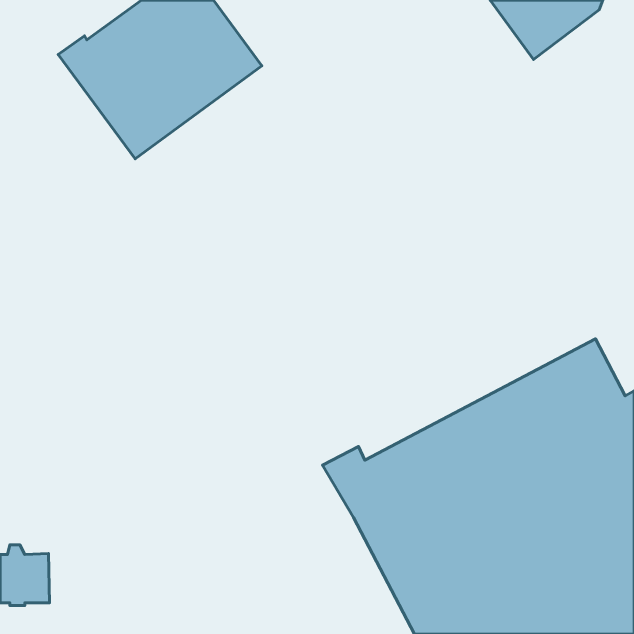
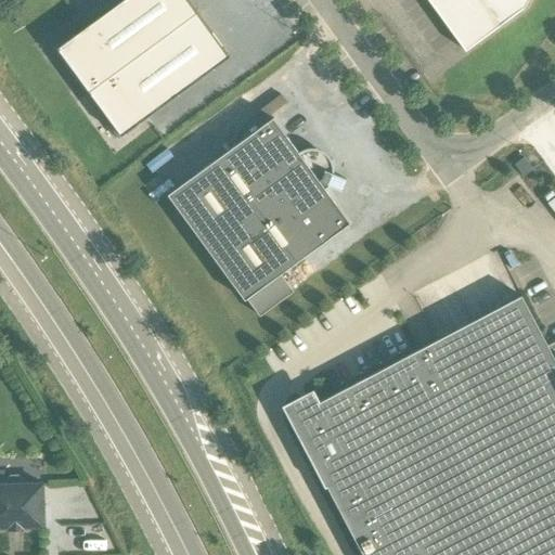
building: none -> [168,118,350,317]

